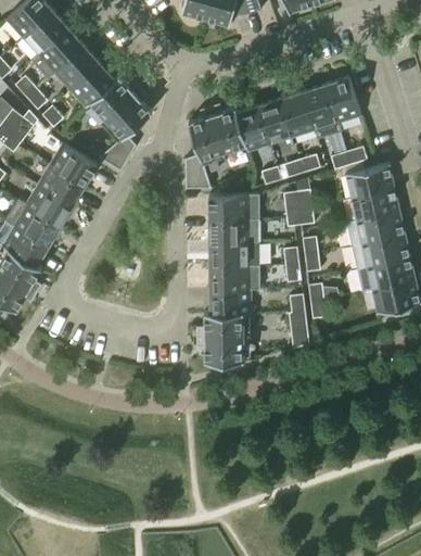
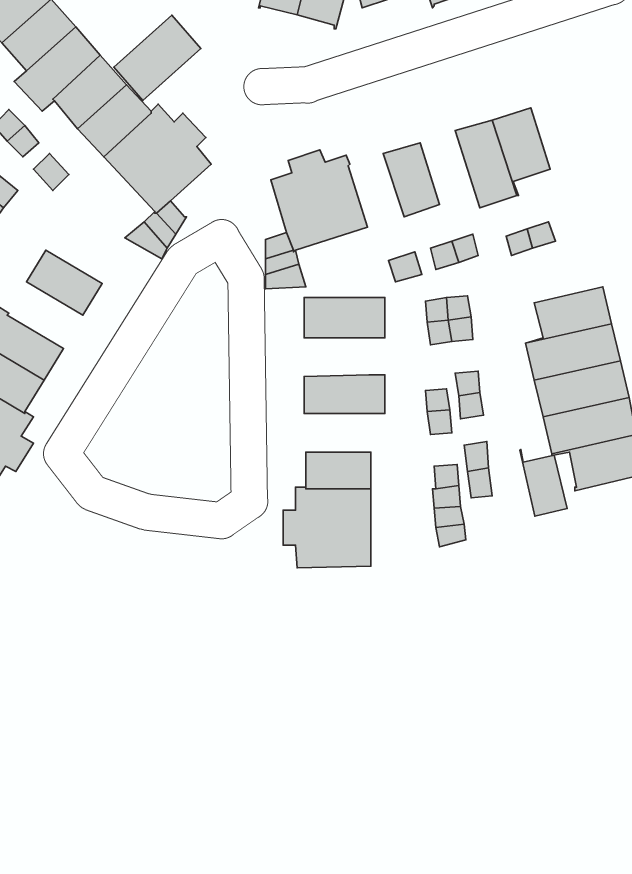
building: none -> [114,15,201,100]
building: [281,91,318,139] -> none
building: [237,105,271,151] -> none
building: [50,143,98,186] -> none
building: [344,164,394,198] -> none
building: [26,185,73,226] -> none
building: [209,219,250,243] -> none
building: [209,266,259,290] -> none
building: none -> [520,449,567,516]

